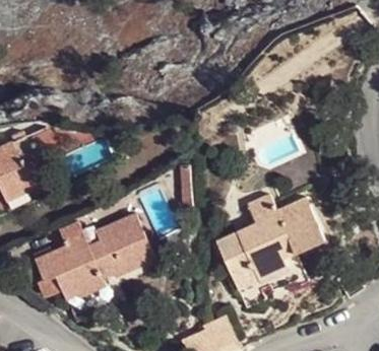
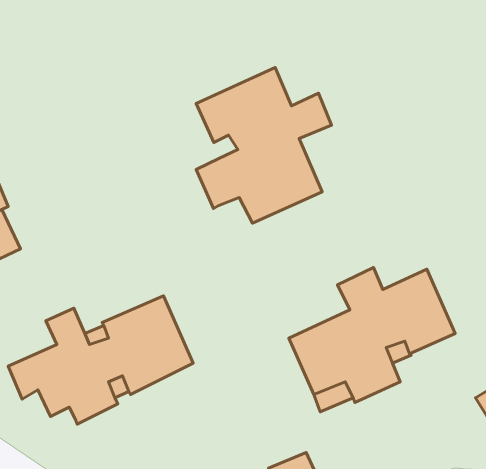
building: none -> [196,67,331,223]

